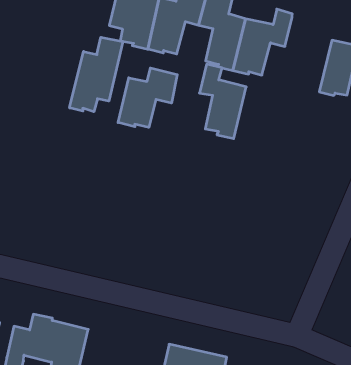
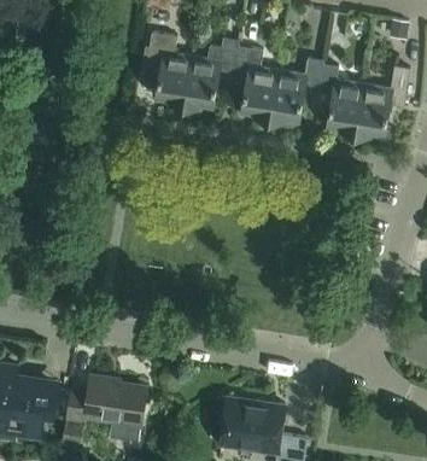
building: [70,37,123,112] -> none
building: [199,64,246,139] -> [318,64,364,135]
building: [118,68,177,127] -> none

